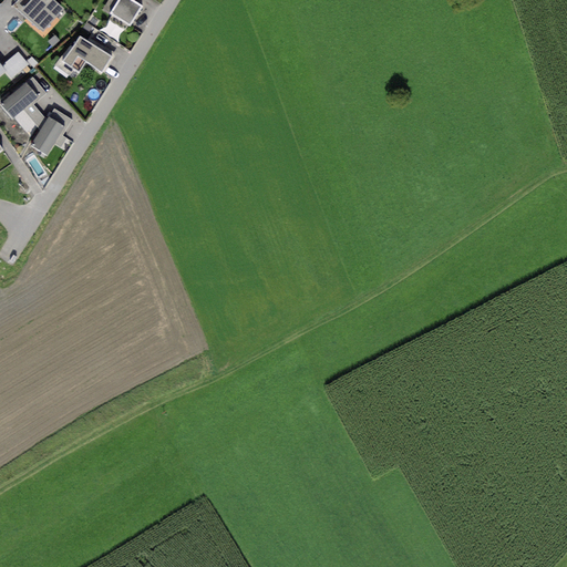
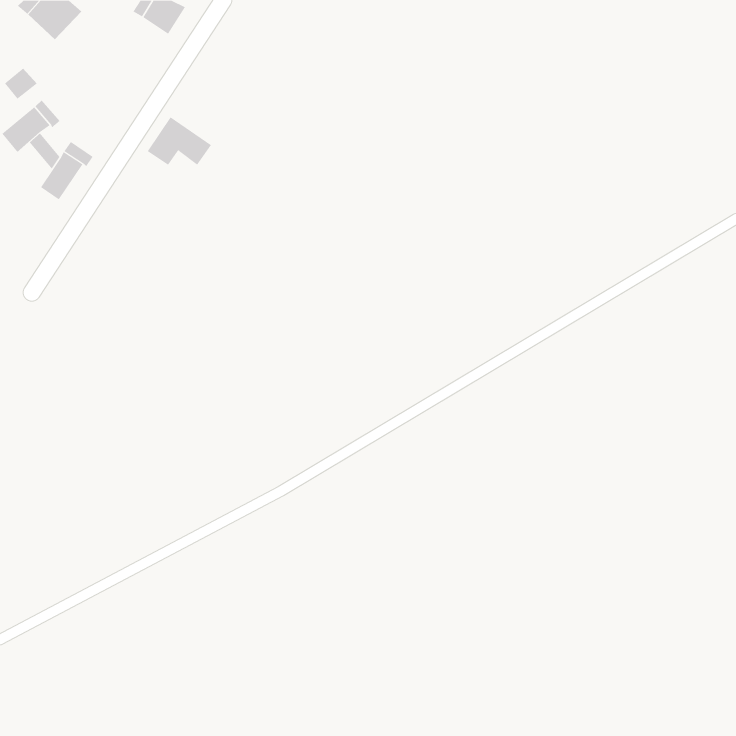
building: [62,34,112,72] -> [147,116,212,165]

